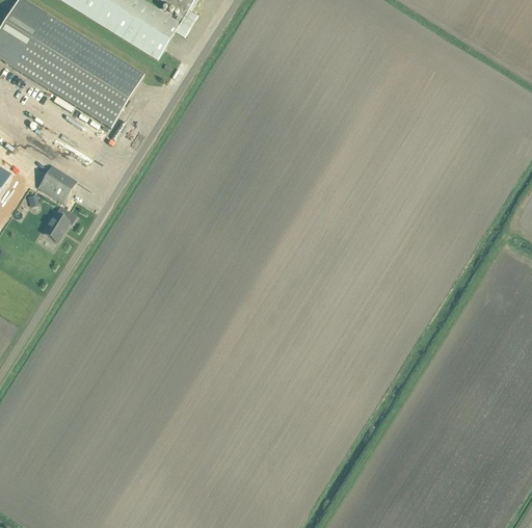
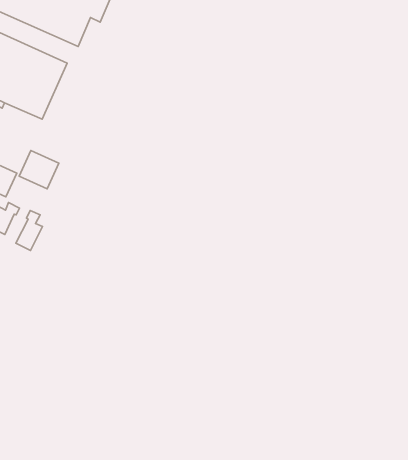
building: none -> [19,150,59,189]
building: none -> [16,210,43,250]

